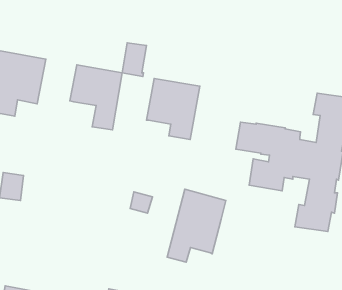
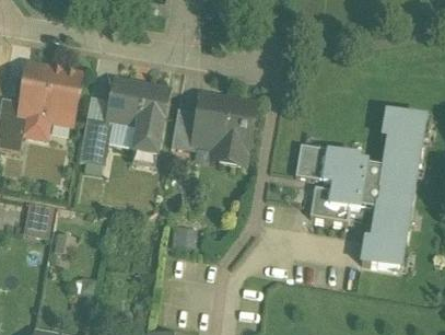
building: [122,43,147,77] -> [172,106,199,145]
building: none -> [78,114,112,162]
building: [167,189,226,262] -> none

